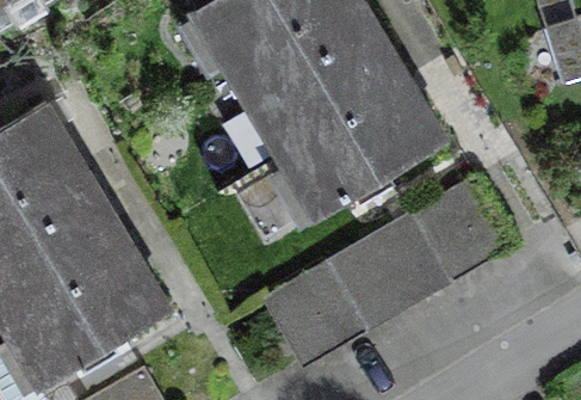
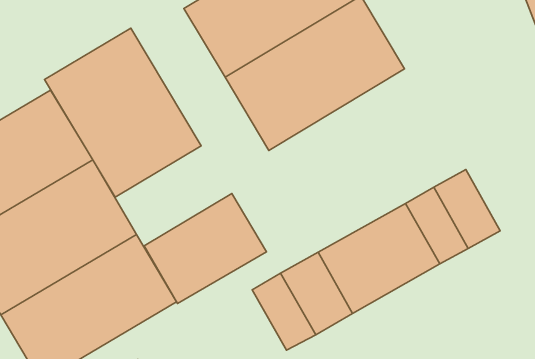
building: none -> [45,28,201,197]
building: [272,79,447,222] -> none
building: none -> [144,194,266,303]

